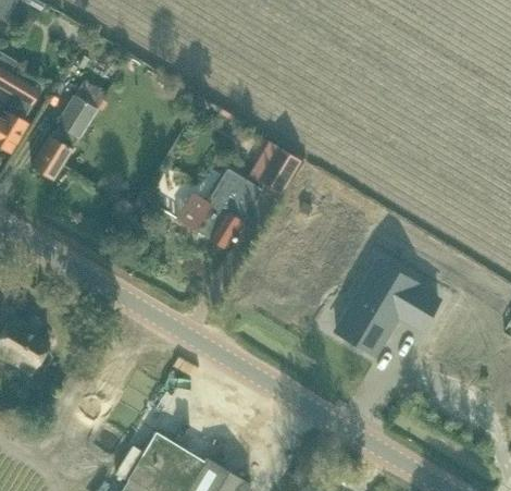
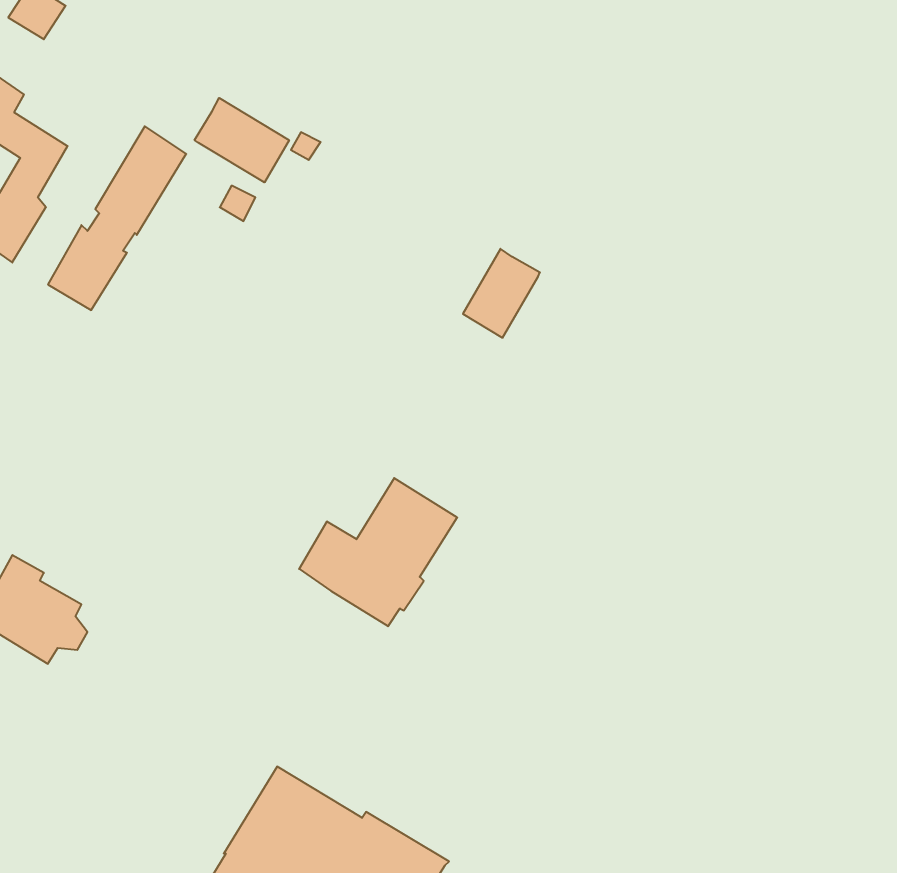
building: none -> [195,98,289,182]
building: [175,168,262,249] -> [299,478,457,626]
building: [339,265,438,354] -> none

